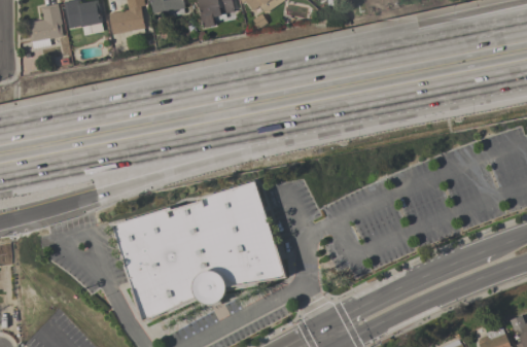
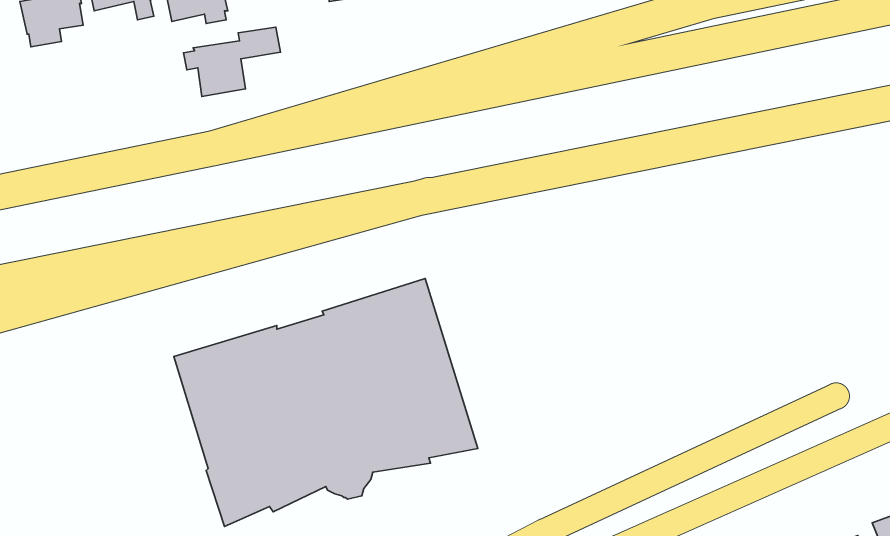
building: none -> [184,27,281,97]

